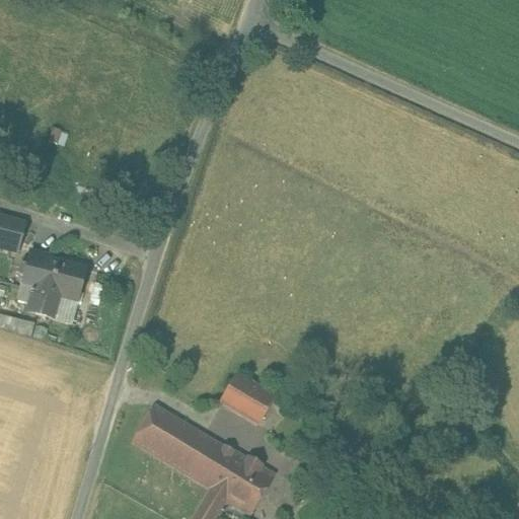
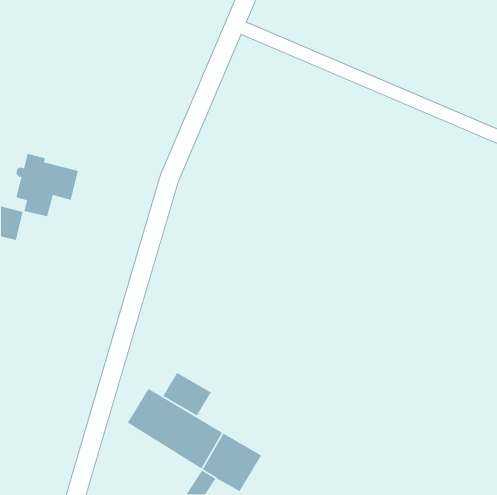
building: [19,249,85,316] -> [16,153,79,217]
building: [222,374,274,421] -> [162,372,212,417]

